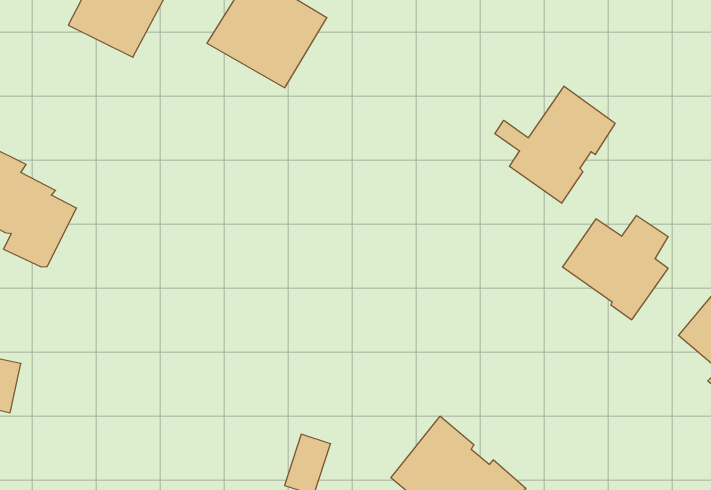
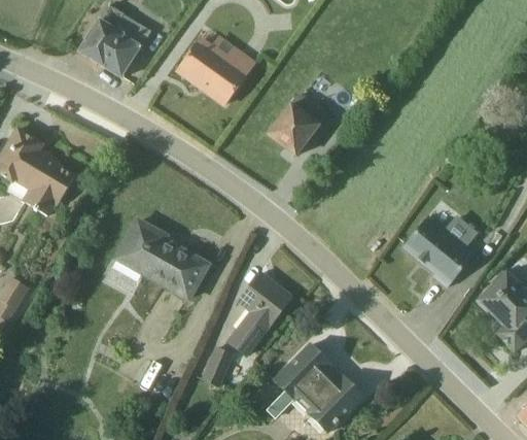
building: none -> [269,92,335,155]
building: [495,86,615,203] -> none
building: none -> [112,214,212,302]
building: none -> [226,268,294,357]

